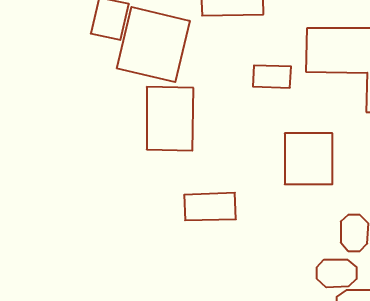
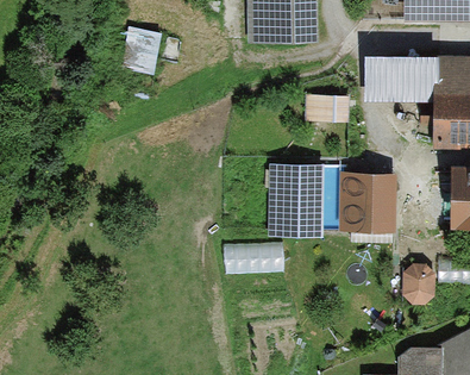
building: [117,7,190,82] -> none
building: [147,87,193,151] -> [270,164,322,236]
building: [317,260,357,287] -> none

